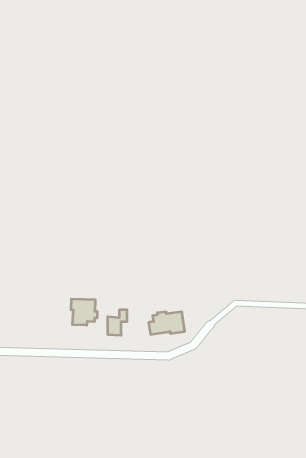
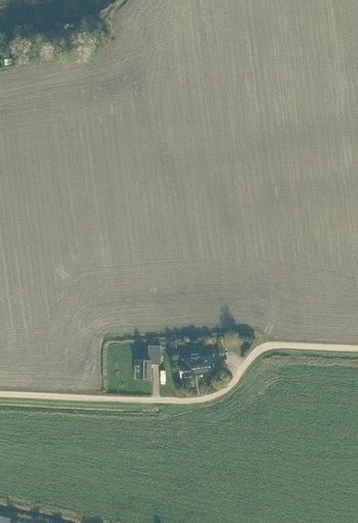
building: [71,299,97,325] -> none

